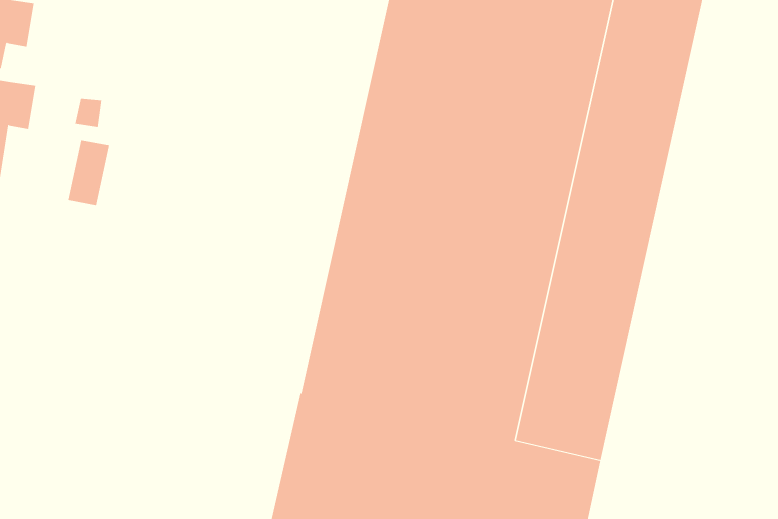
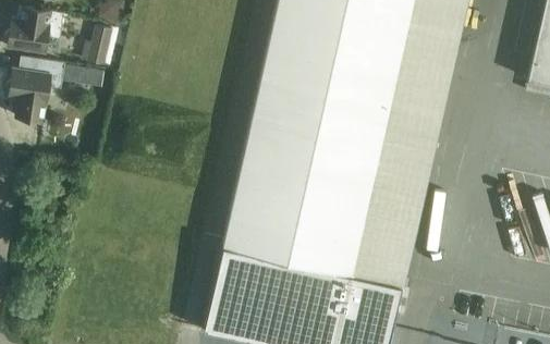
building: [68,140,110,206] -> [87,24,112,63]

